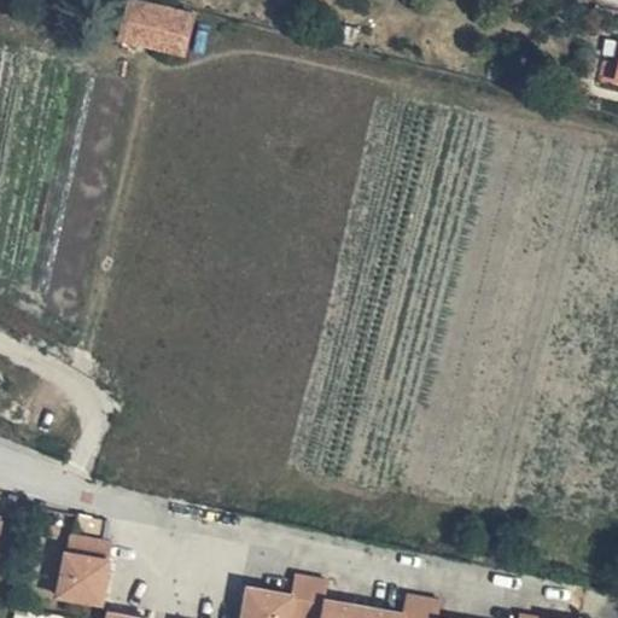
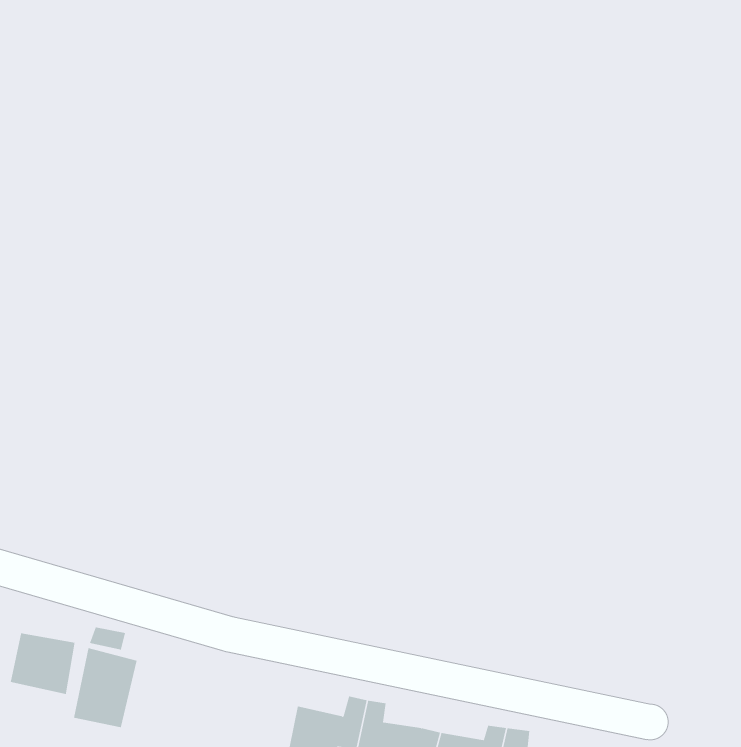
building: [127,8,190,62] -> none
building: none -> [10,633,75,695]

